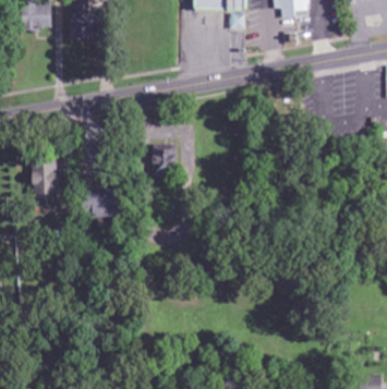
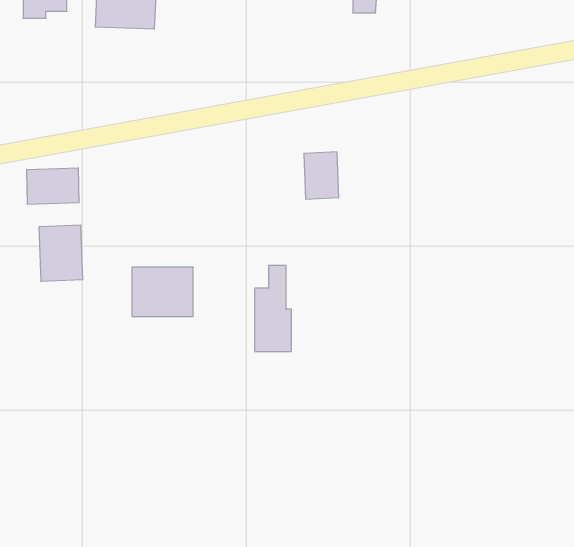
building: none -> [27,168,79,204]
building: [150,144,172,173] -> [304,152,339,199]

